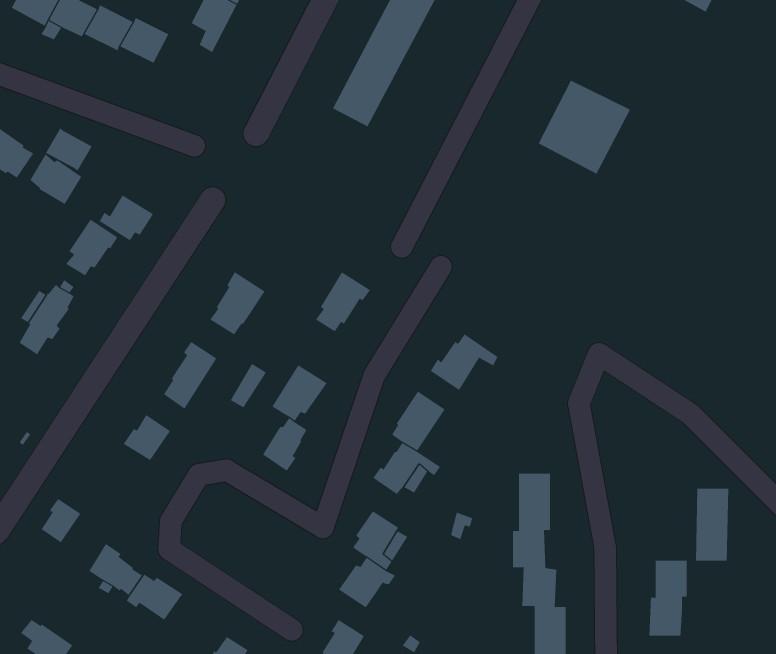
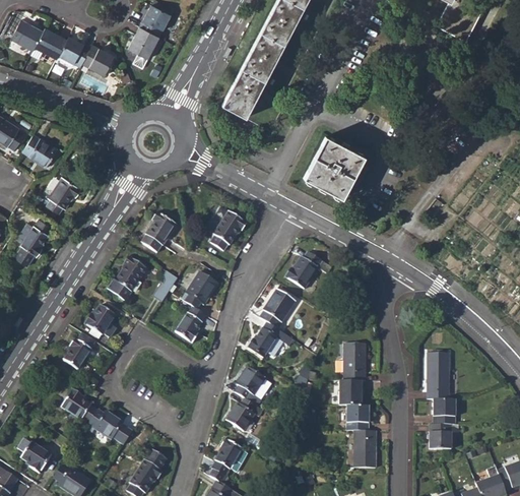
building: [538,80,631,175] -> [304,135,365,197]
building: [45,128,93,171] -> none
building: [99,194,154,241] -> none
building: [695,488,729,561] -> [427,352,449,399]
building: [41,498,81,543] -> [64,338,90,368]

